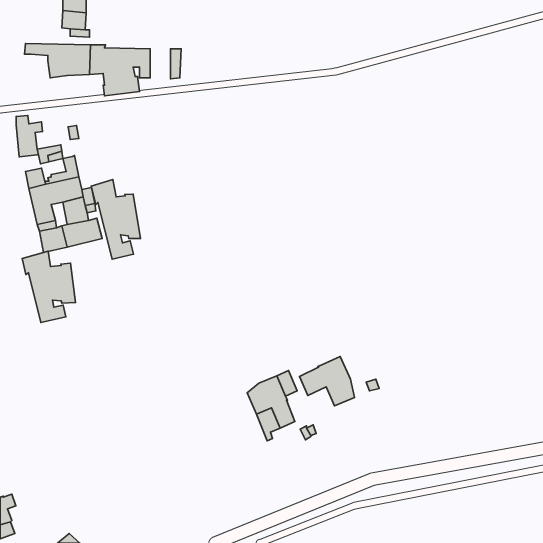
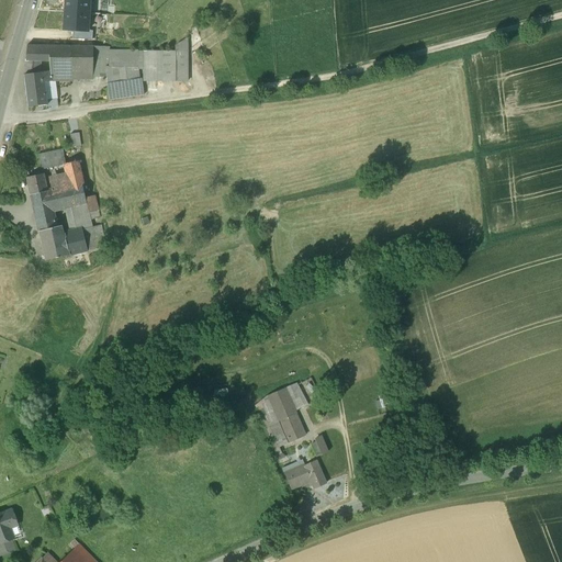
building: none -> [156,50,177,81]
building: [16,115,43,157] -> [25,64,53,106]
building: [91,179,141,259] -> none
building: [22,251,75,322] -> none
building: [299,357,354,406] -> none
building: none -> [285,460,326,487]

